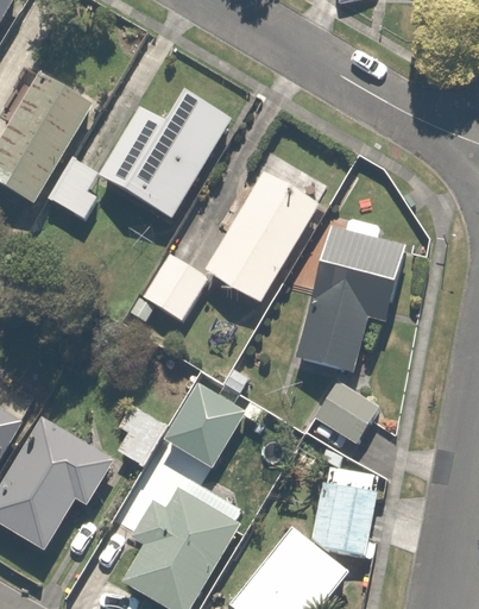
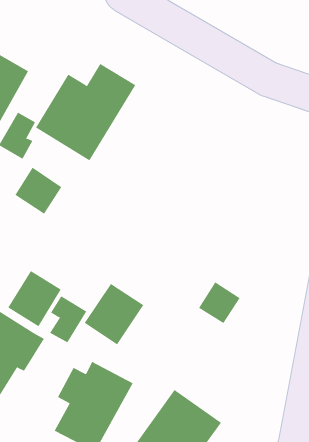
building: [203,169,320,303] -> none
building: [295,220,404,372] -> none
building: [144,256,208,320] -> [14,167,62,214]
building: none -> [8,270,62,327]
building: [313,481,376,552] -> none

